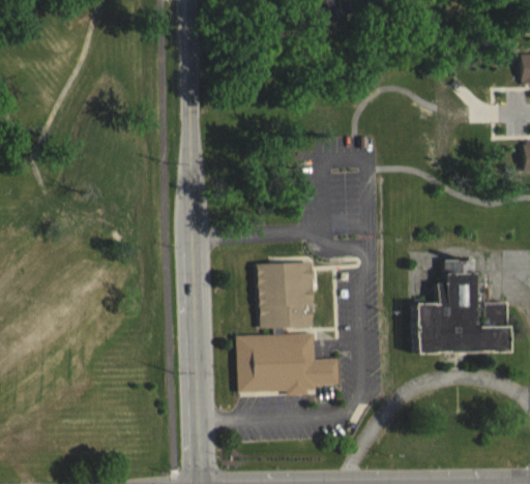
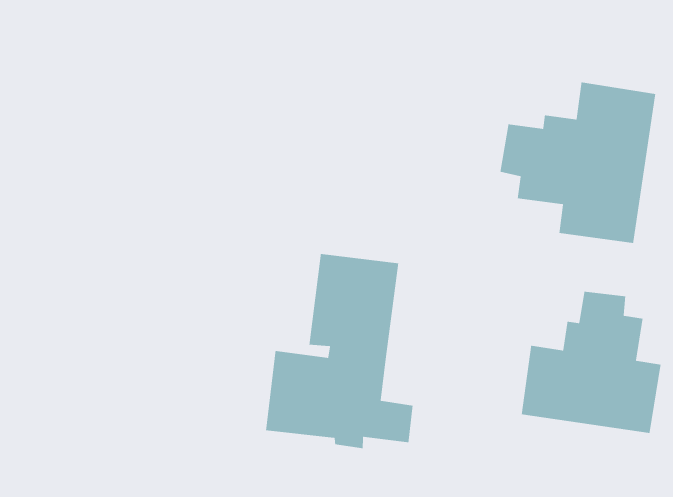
building: none -> [500,82,656,244]

